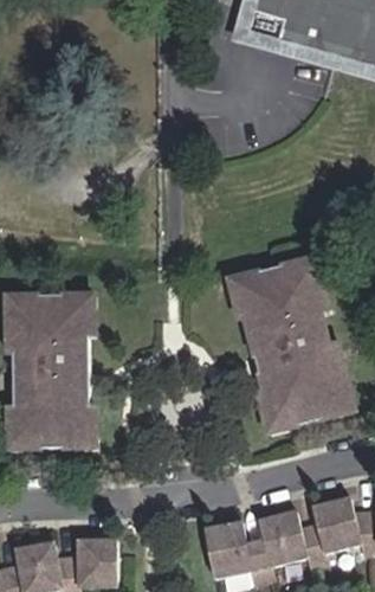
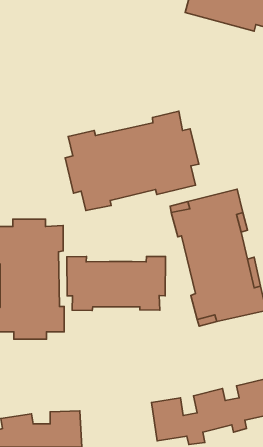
building: none -> [65,111,199,210]
building: none -> [67,257,165,311]

